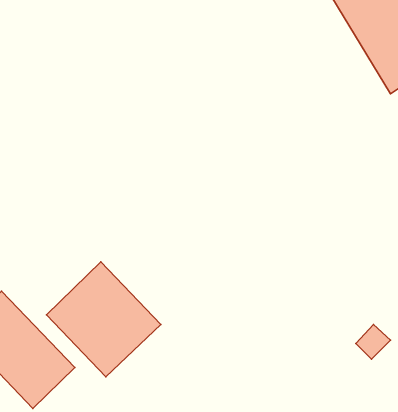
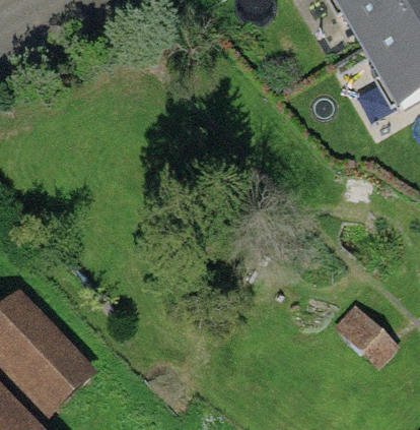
building: [46,262,161,377] -> none

